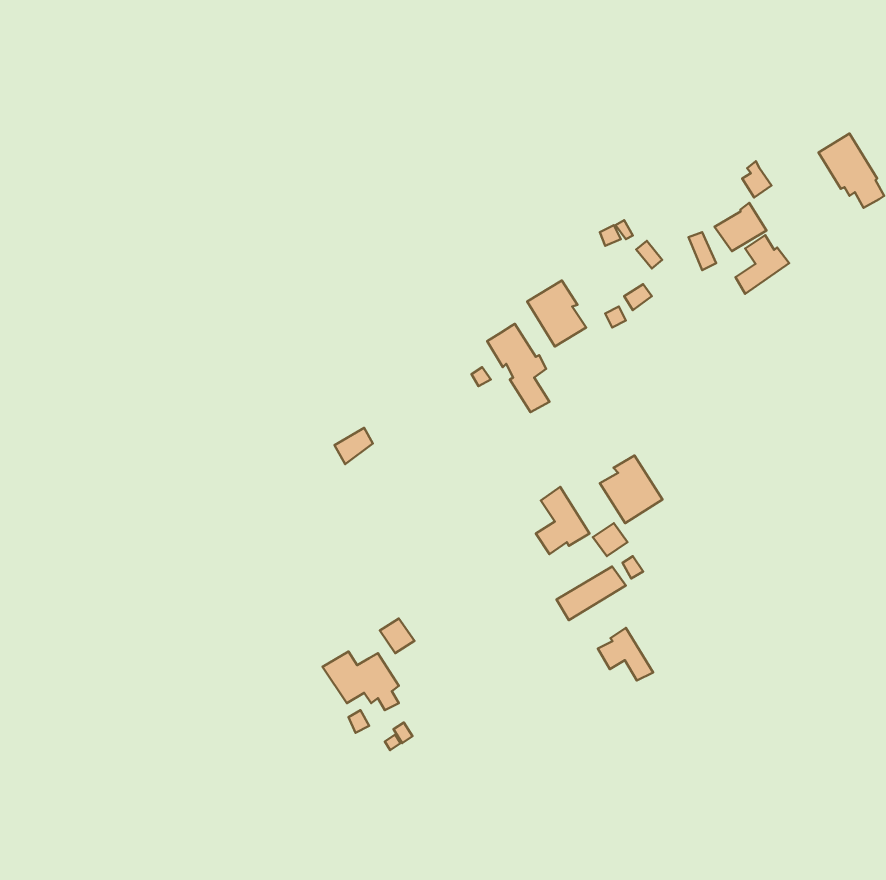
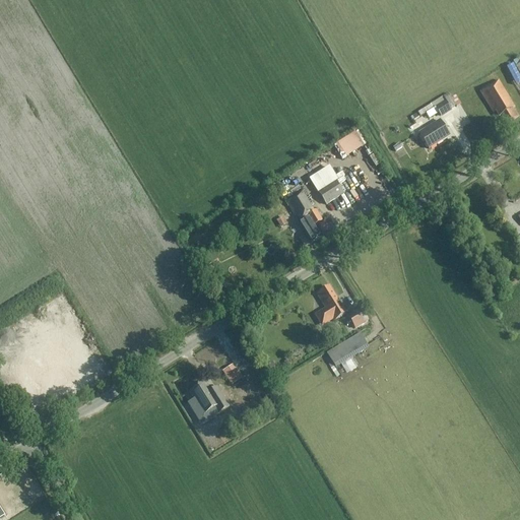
building: [735,235,789,294] -> none
building: [600,455,663,523] -> none
building: [598,628,653,681] -> none

